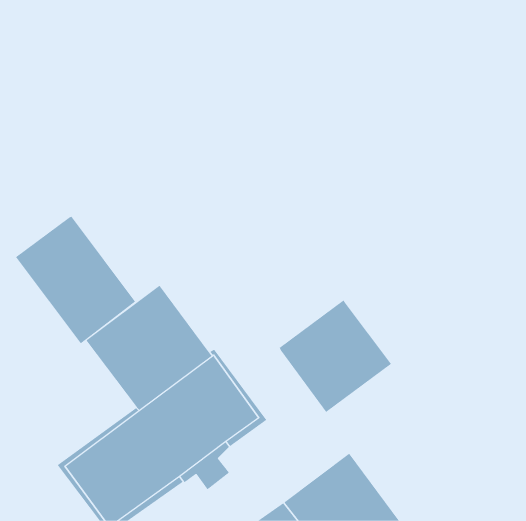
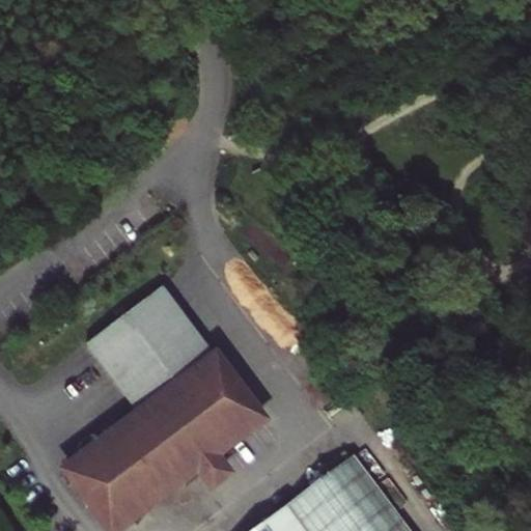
building: [15,216,136,344] -> none
building: [279,300,392,413] -> none

